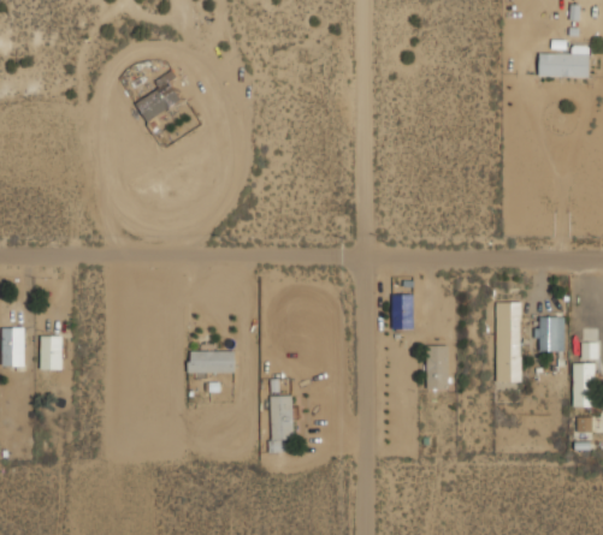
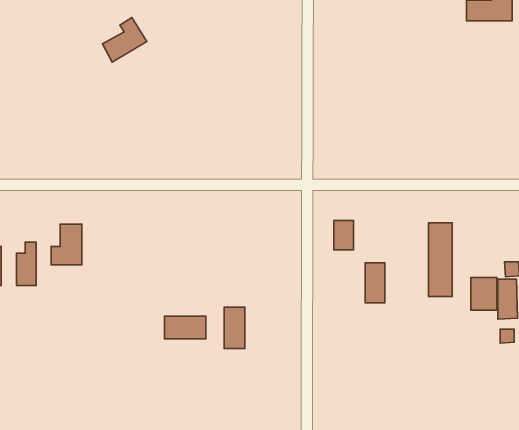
building: none -> [51,224,82,265]
building: [536,316,564,352] -> [471,278,497,310]
building: [188,349,233,374] -> [165,316,206,339]

